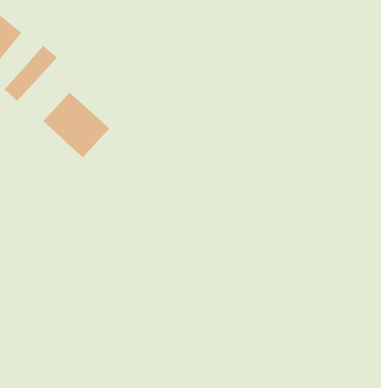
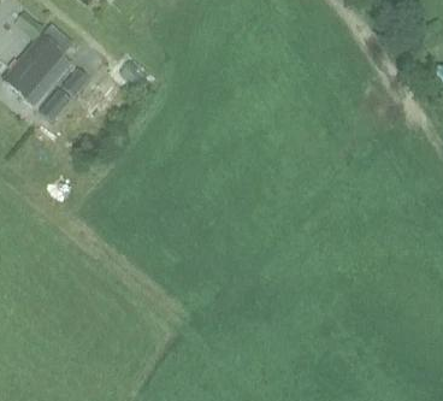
building: [43,92,110,158] -> none

